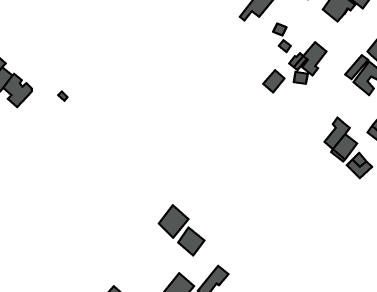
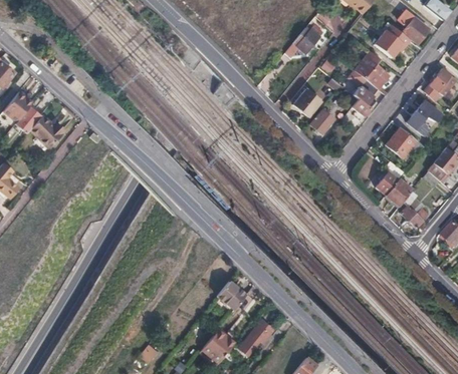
building: none -> [357,51,390,89]
building: none -> [294,89,321,116]
building: none -> [387,127,416,156]
building: [159,205,189,238] -> none

